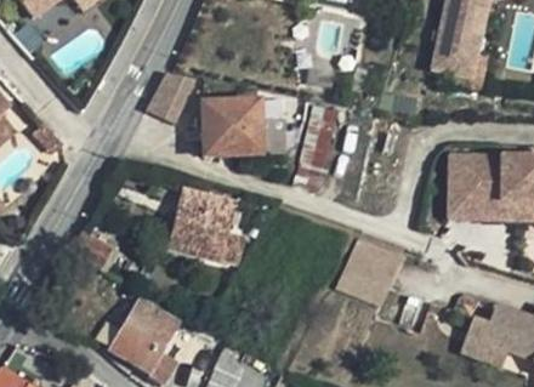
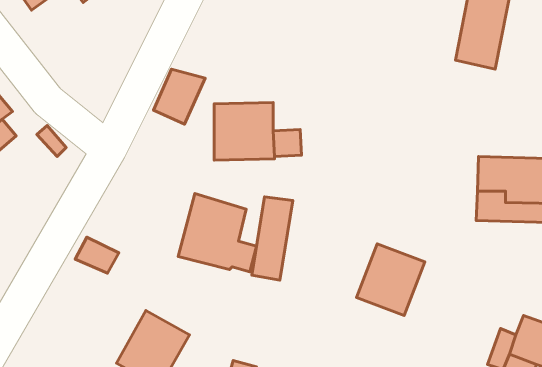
building: [300,104,339,183] -> [252,197,293,280]

